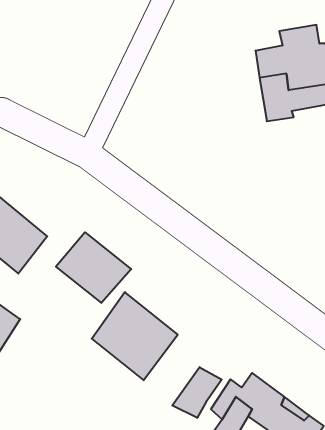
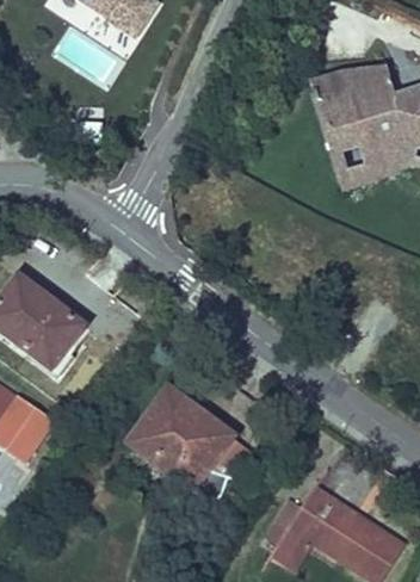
building: none -> [313,70,390,110]
building: [56,232,131,303] -> none
building: [172,367,222,418] -> none

